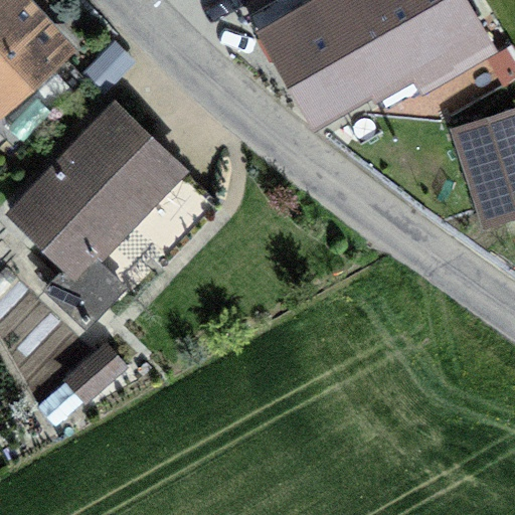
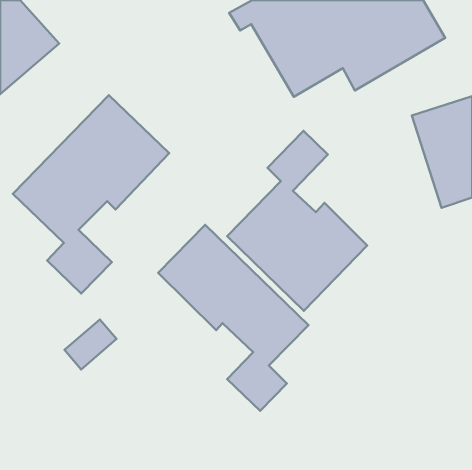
building: none -> [227,131,367,311]
building: none -> [158,225,309,411]

